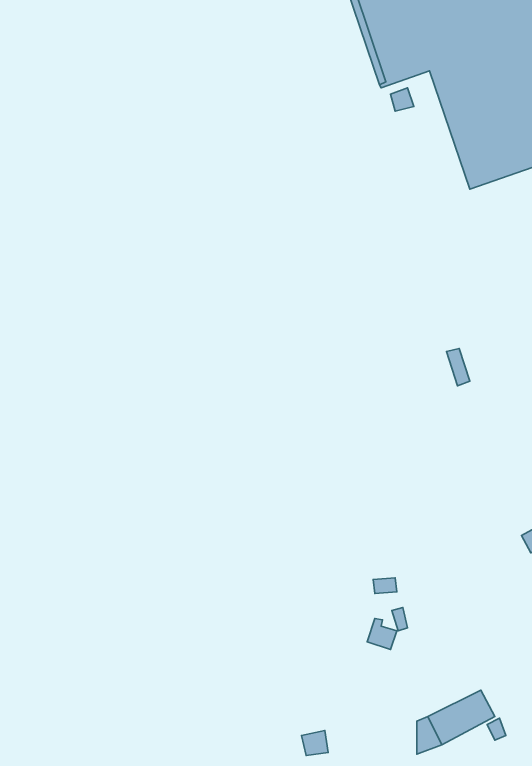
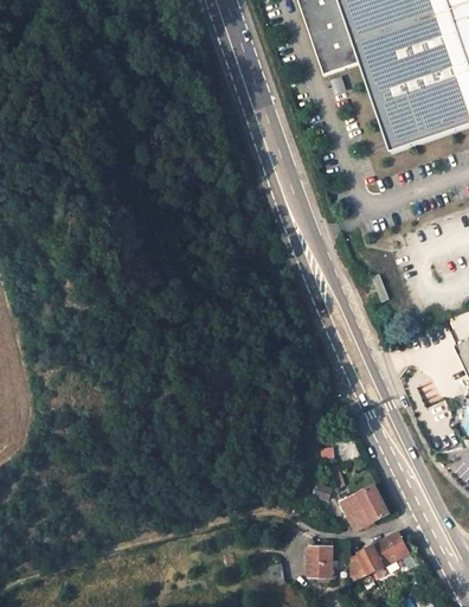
building: none -> [343,484,392,529]
building: none -> [306,544,332,576]

